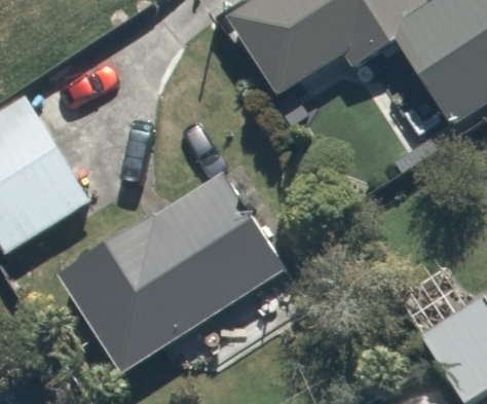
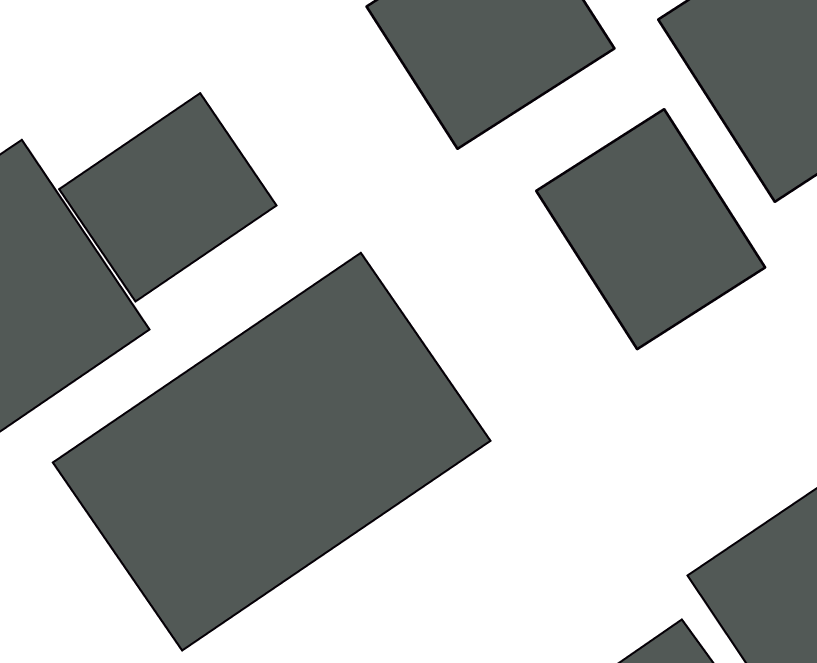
building: none -> [59,93,276,302]
building: none -> [536,109,765,349]

